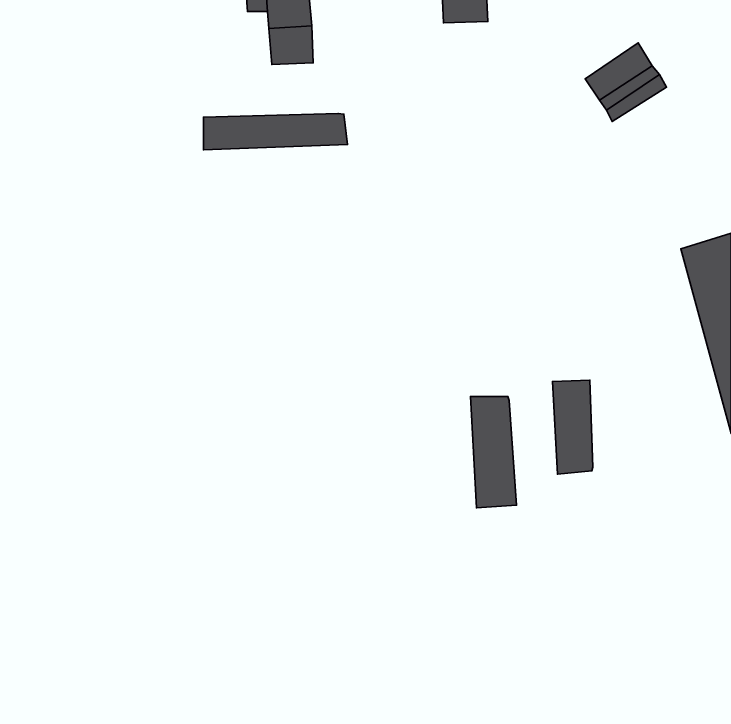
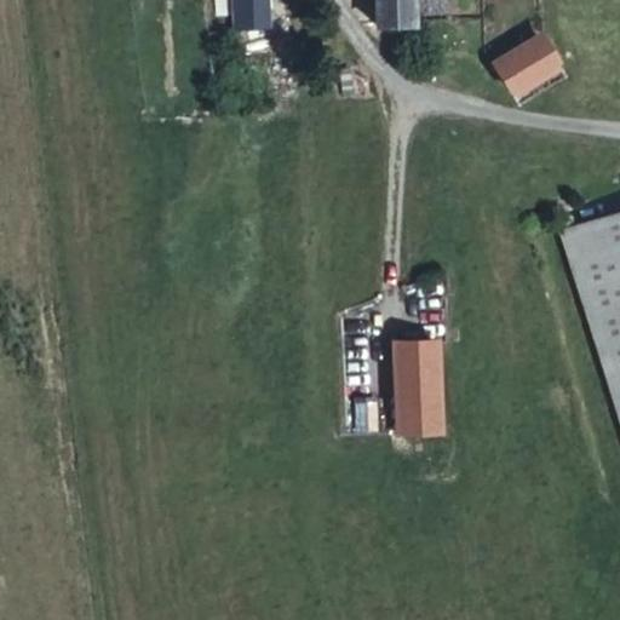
building: [203,113,347,150] -> none
building: [553,380,593,474] -> none

